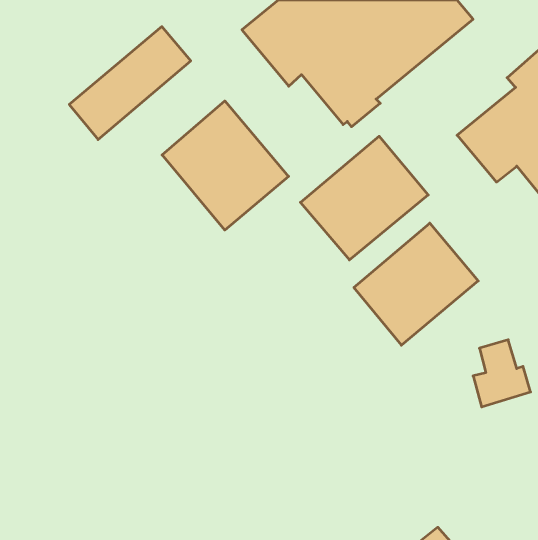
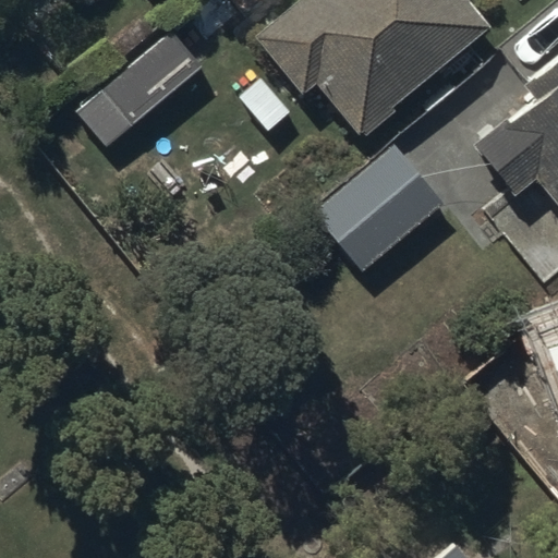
building: [162,101,289,230] -> none
building: [354,223,478,345] -> none

